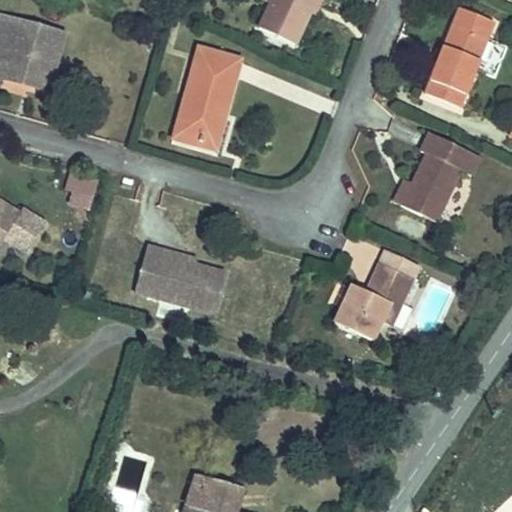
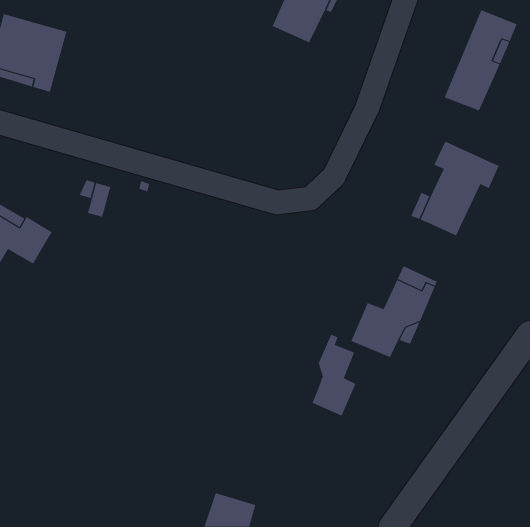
building: [176,44,242,140] -> none
building: [135,243,224,312] -> none
building: none -> [312,334,356,417]

